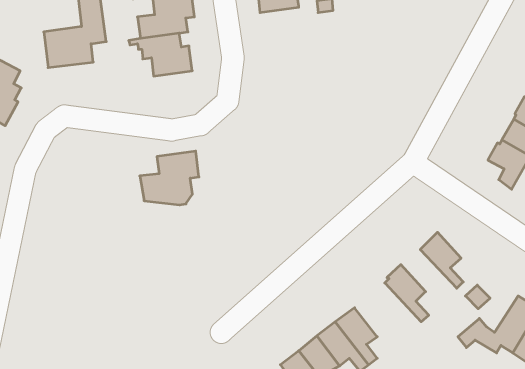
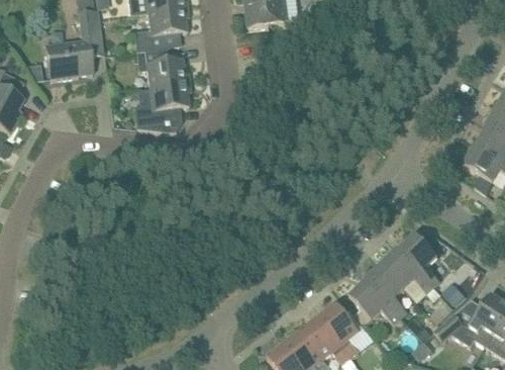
building: [140,151,199,205] -> [132,80,188,130]
building: none -> [381,248,433,290]
building: none -> [349,279,400,321]

